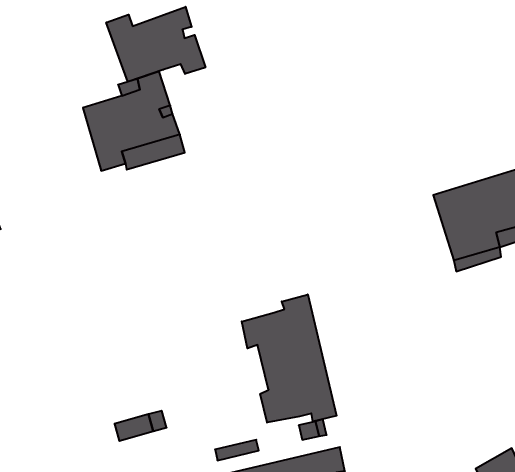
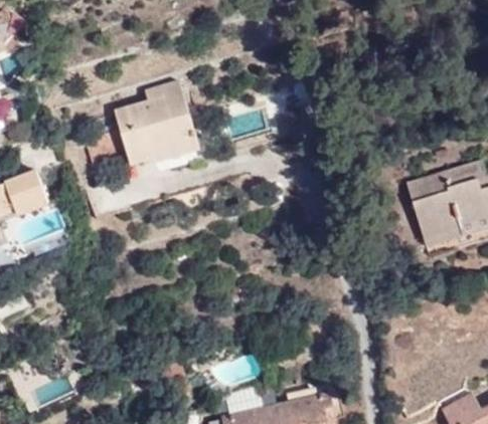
building: [106,7,205,82] -> none
building: [242,294,337,423] -> none

